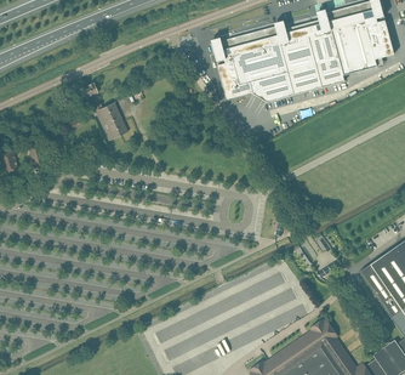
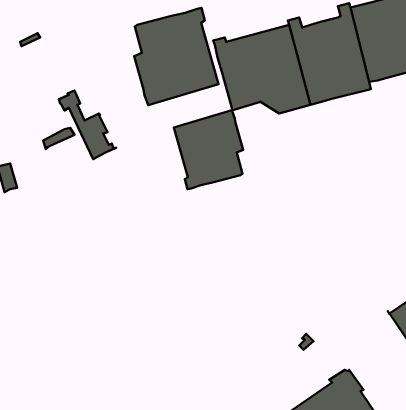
building: none -> [134,8,218,105]
building: none -> [174,110,243,189]

